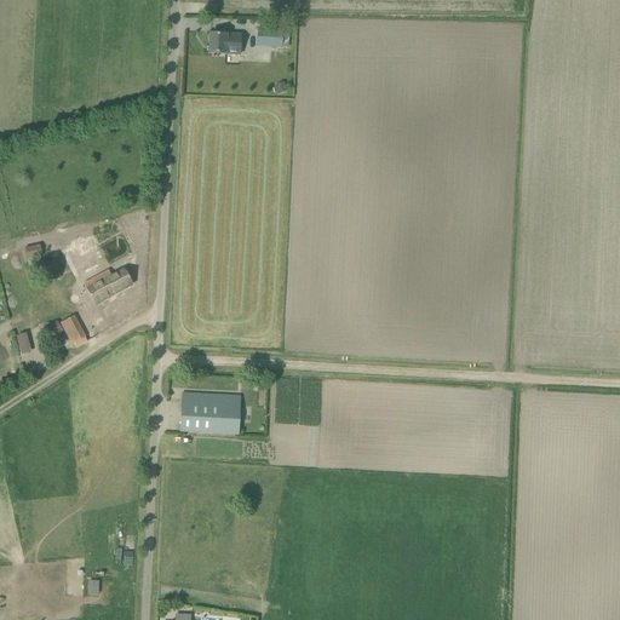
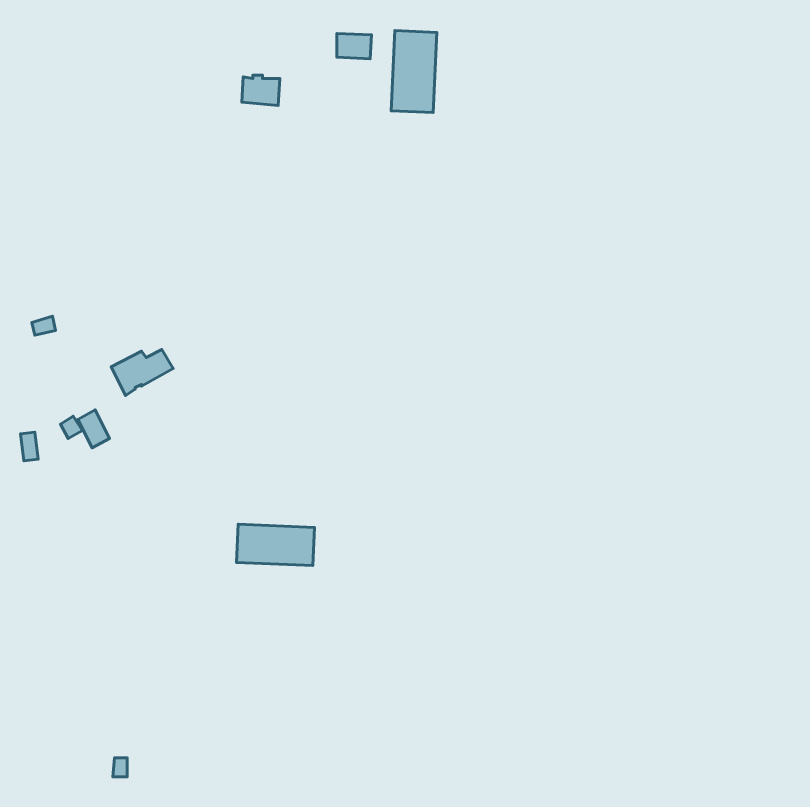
building: none -> [391,31,437,113]
building: [209,29,239,52] -> [242,75,280,105]

